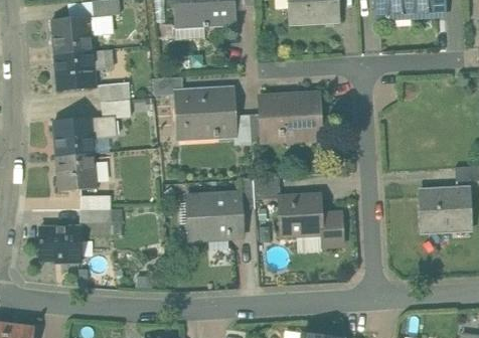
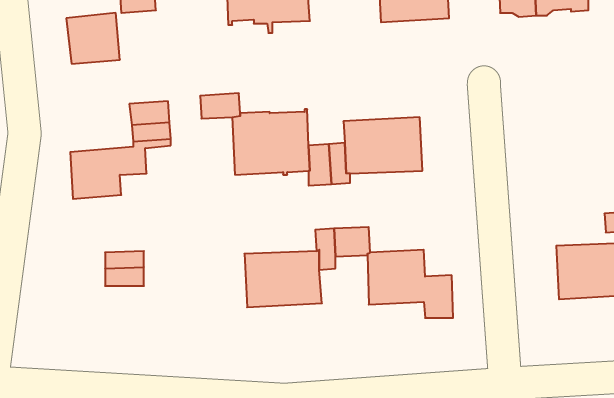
building: [55,49,112,90] -> none
building: [56,153,96,191] -> none
building: [41,226,83,262] -> none

